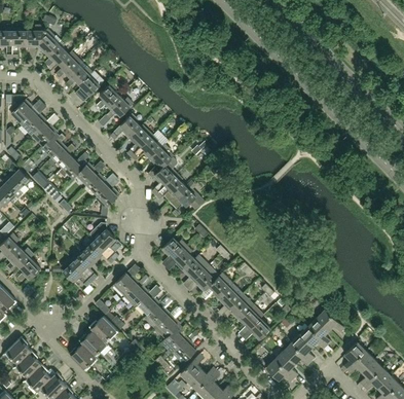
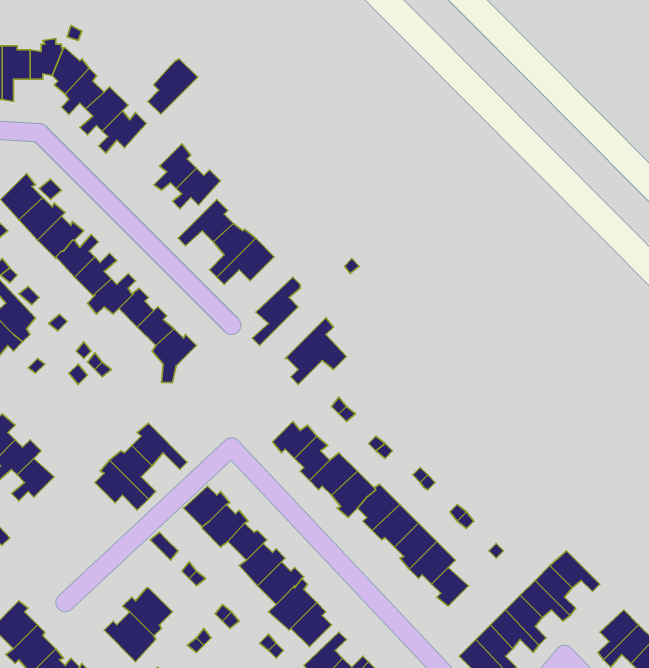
building: [76,70,104,101] -> [148,59,198,114]
building: [147,143,173,177] -> none
building: [154,173,185,202] -> none
building: [89,222,120,259] -> none
building: [88,316,117,342] -> none

